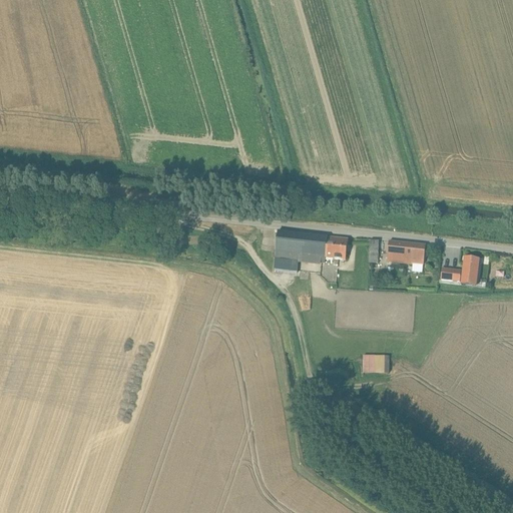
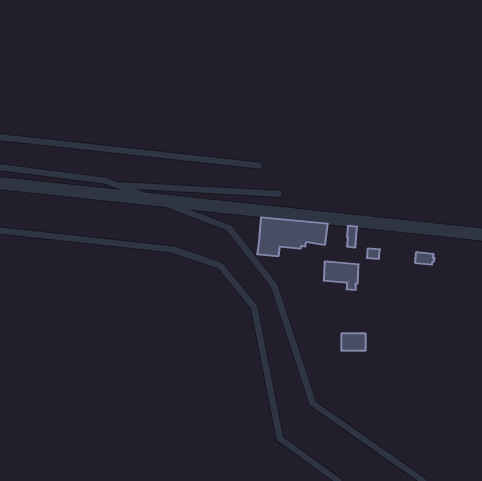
building: [387,240,424,271] -> [324,262,359,290]
building: [460,255,479,286] -> none

